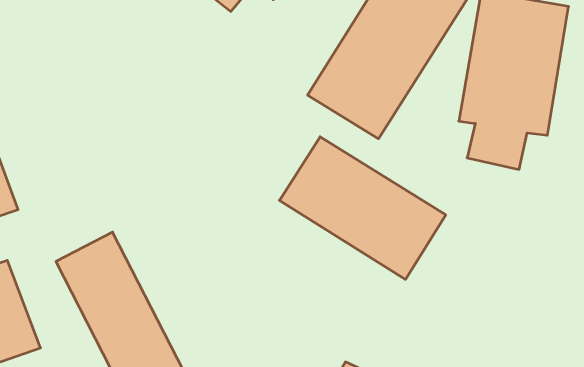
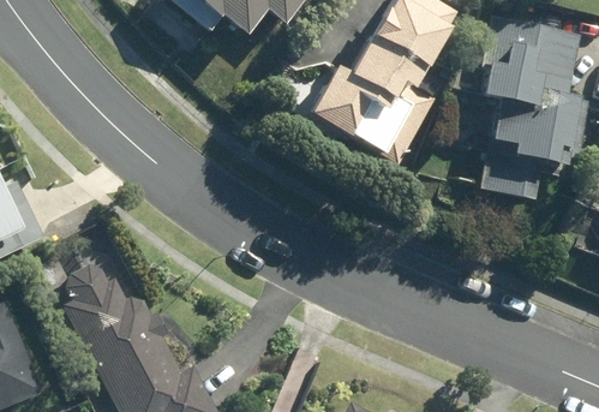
building: [279,137,446,279] -> none

